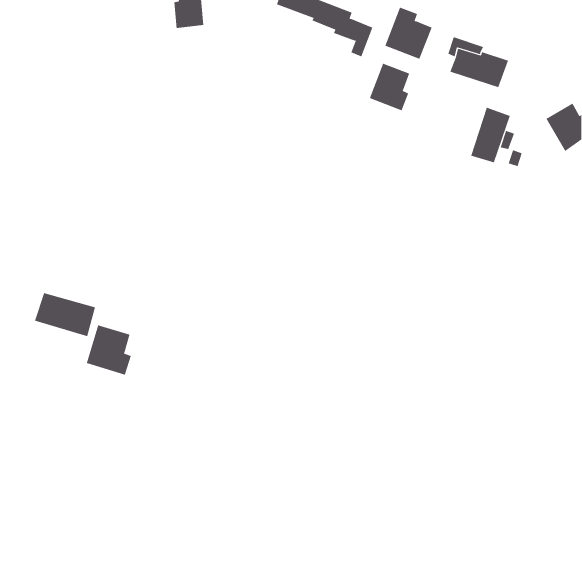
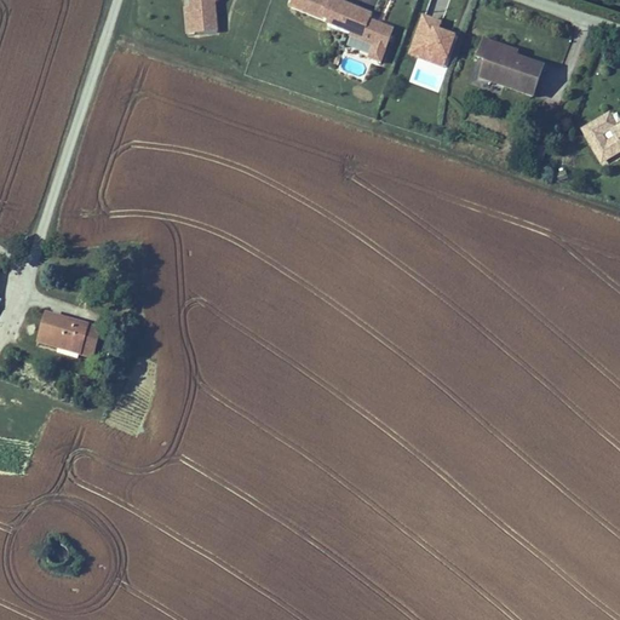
building: [369,63,410,111] -> none
building: [470,107,511,163] -> none
building: [86,325,131,375] -> none

